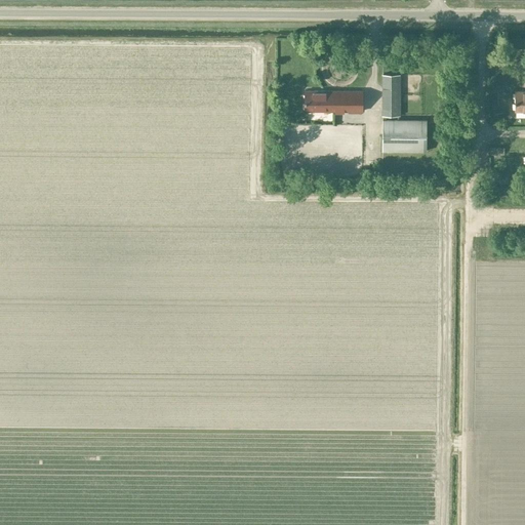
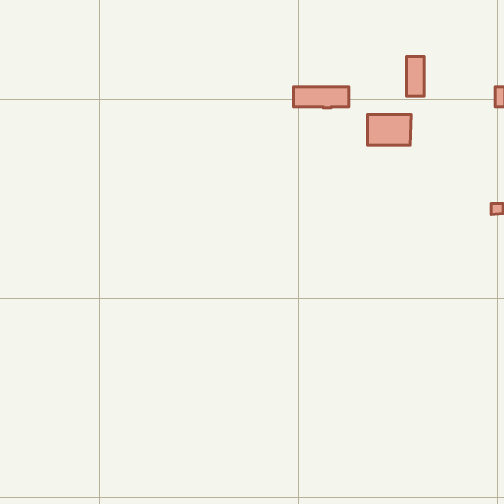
building: [382,75,401,116] -> [406,57,424,96]

